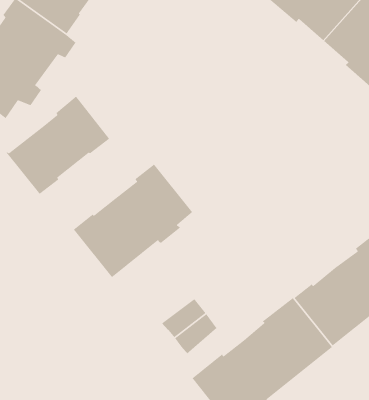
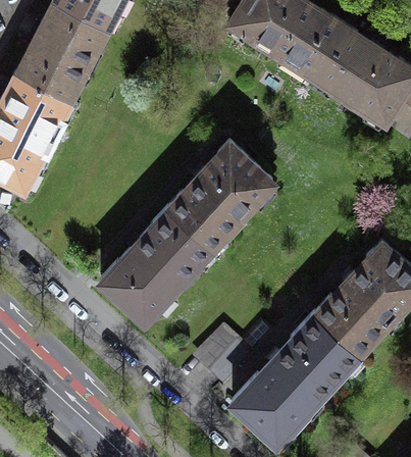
building: [6,95,110,195] -> none
building: none -> [167,141,271,247]

